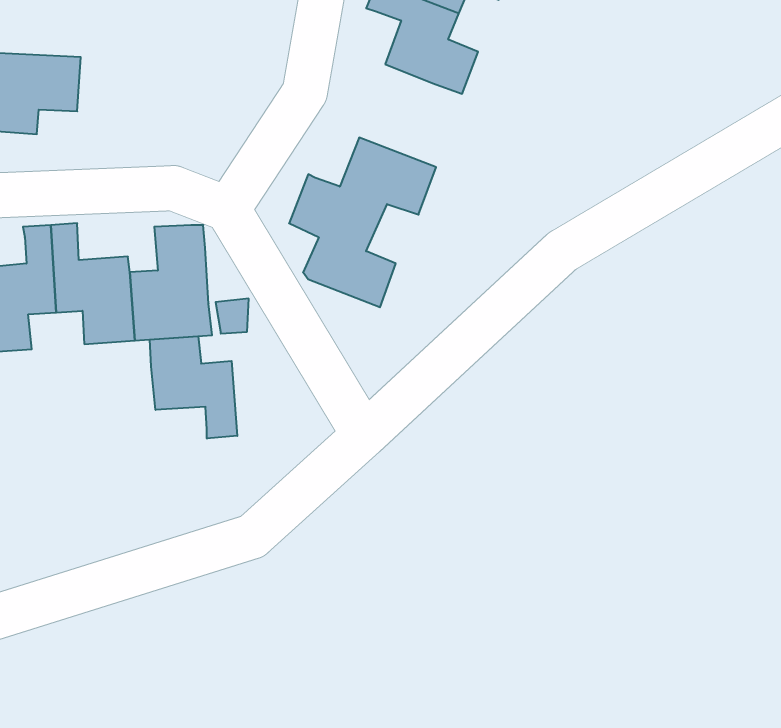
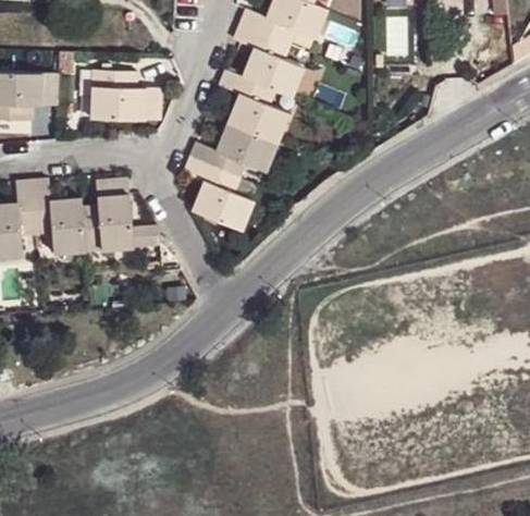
building: none -> [85,70,153,122]
building: none -> [218,72,287,143]
building: [150,336,237,439] -> none

